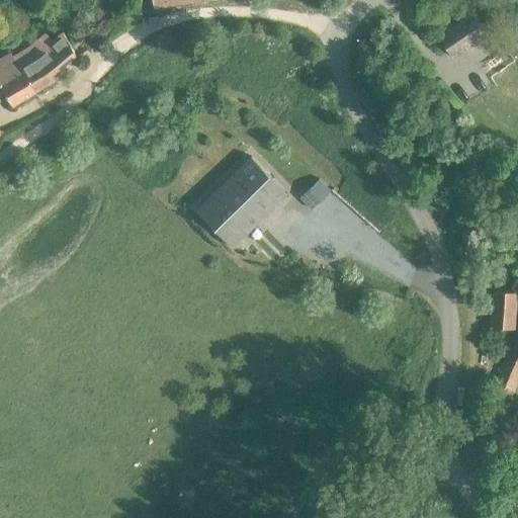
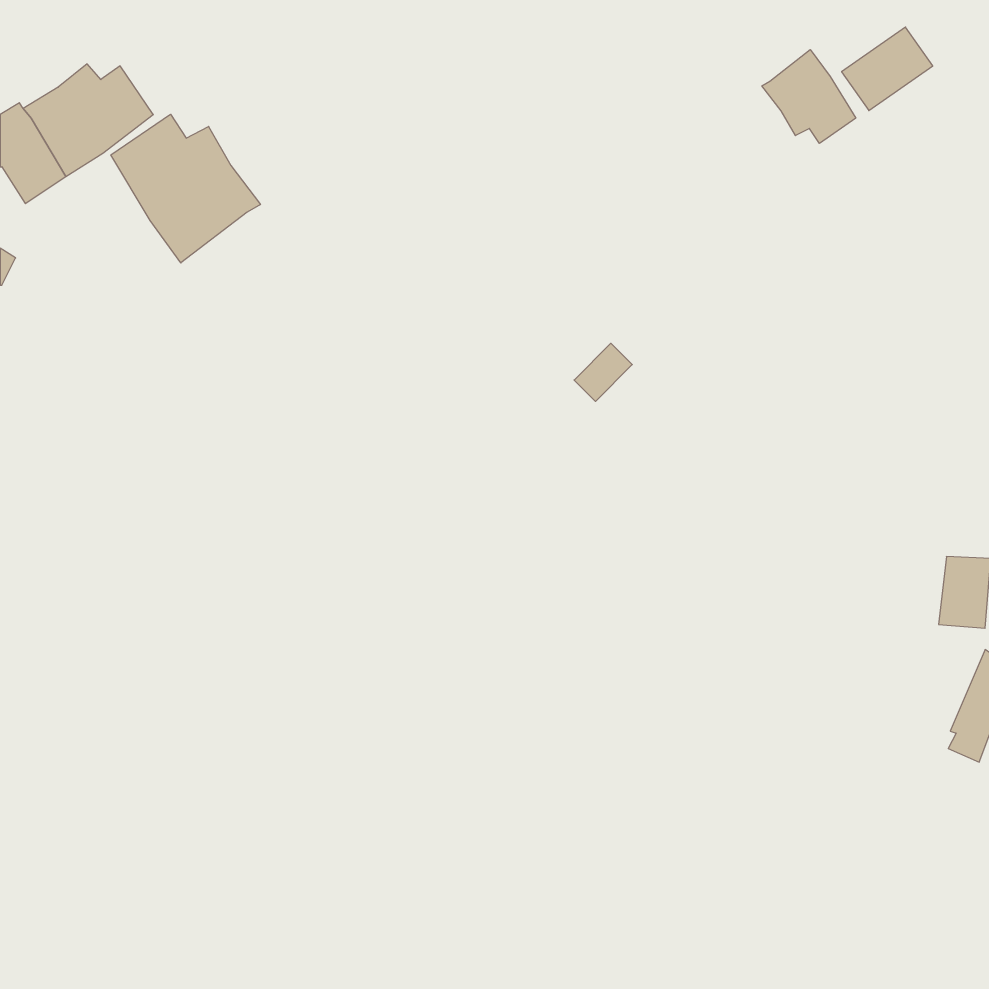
building: none -> [762,50,856,143]
building: none -> [111,114,260,263]
building: [195,158,287,250] -> none

